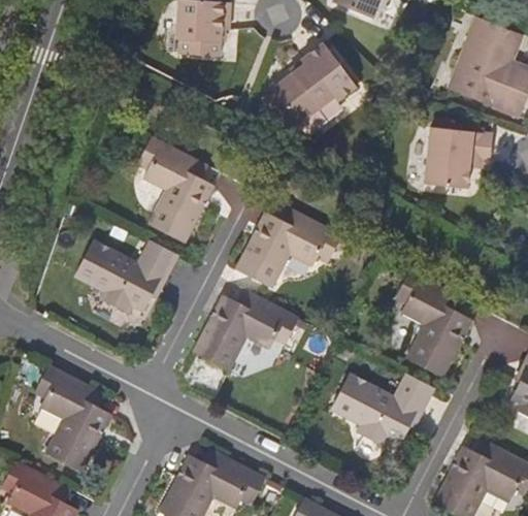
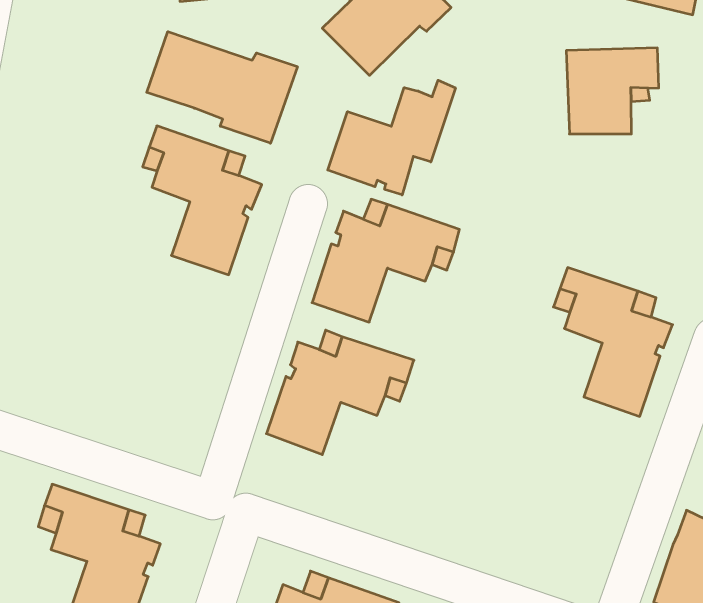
building: none -> [147,32,297,143]
building: none -> [328,80,455,195]
building: [74,238,177,314] -> none
building: [332,374,435,448] -> none

